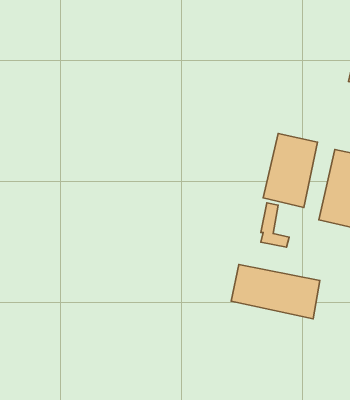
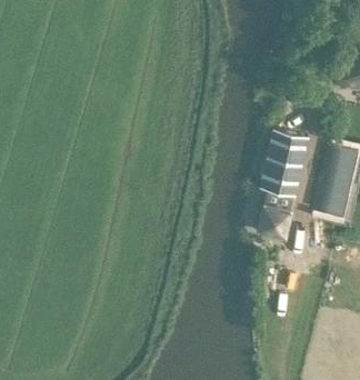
building: [231,264,320,319] -> none

